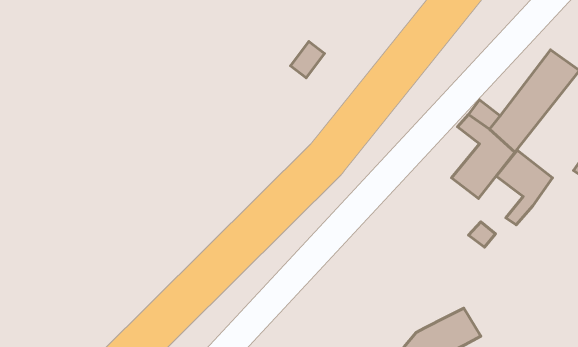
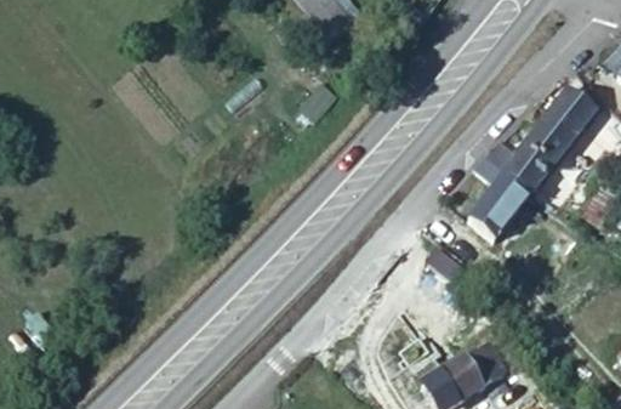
building: [496,150,552,225] -> none

